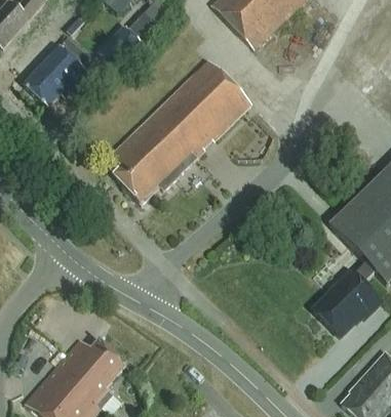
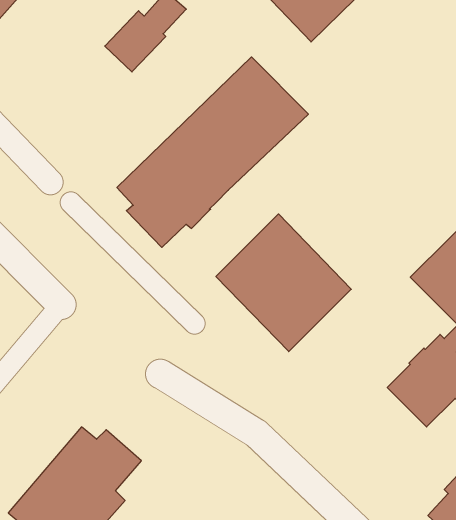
building: [24,36,90,106] -> none
building: none -> [216,214,351,352]

